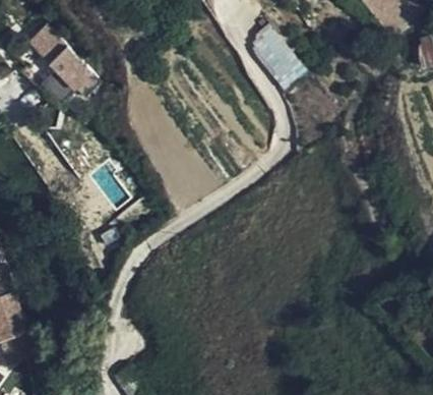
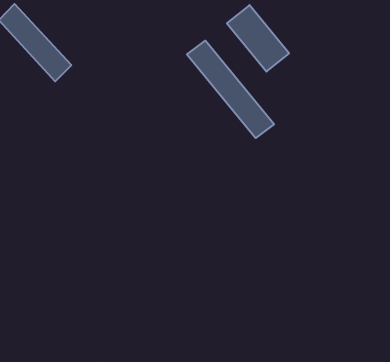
building: none -> [187,41,274,138]

